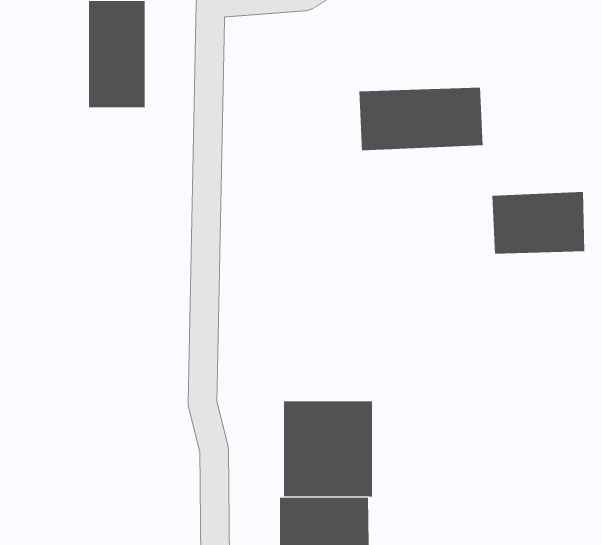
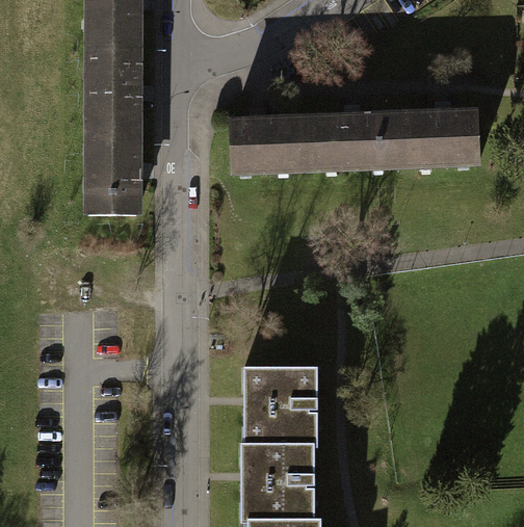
building: none -> [232,121,308,172]
building: none -> [89,134,136,214]
building: [492,192,585,254] -> [403,114,478,164]

